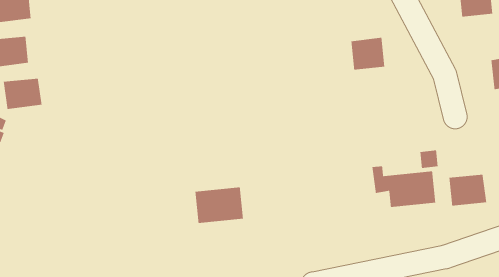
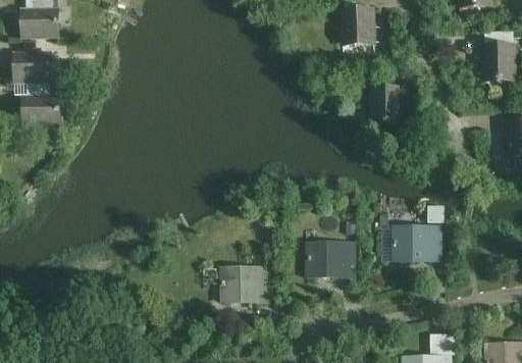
building: [449,174,487,206] -> none
building: [194,186,244,224] -> [220,268,266,301]
building: none -> [307,244,353,276]

